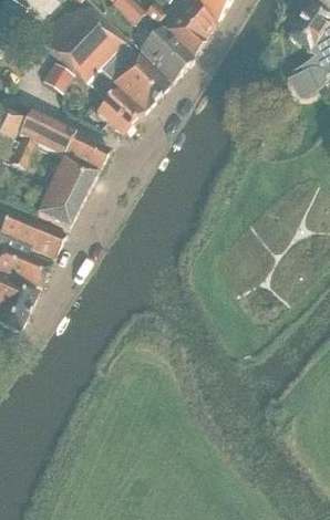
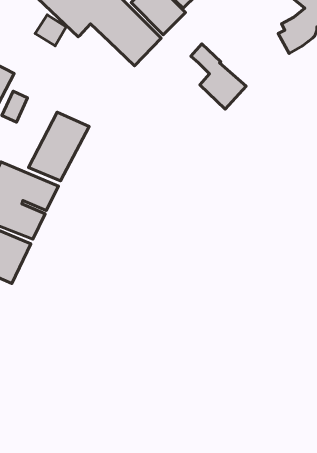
building: [87,70,143,135] -> [191,44,246,109]
building: [20,110,110,171] -> none

